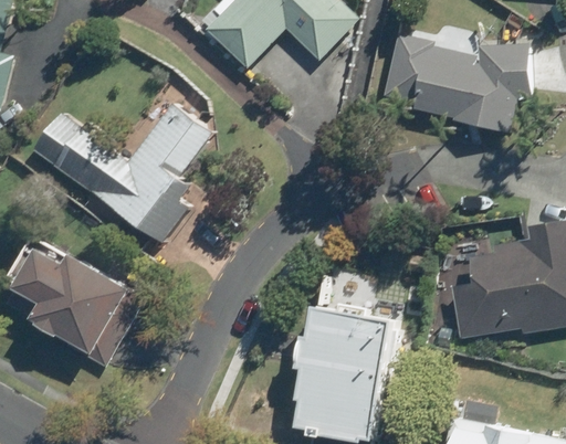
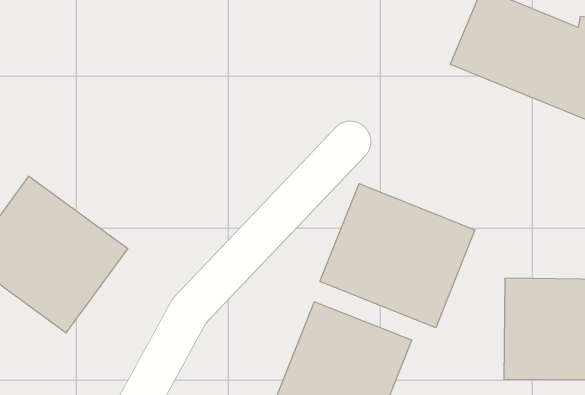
building: [50,105,227,237] -> none
building: none -> [320,184,475,328]

